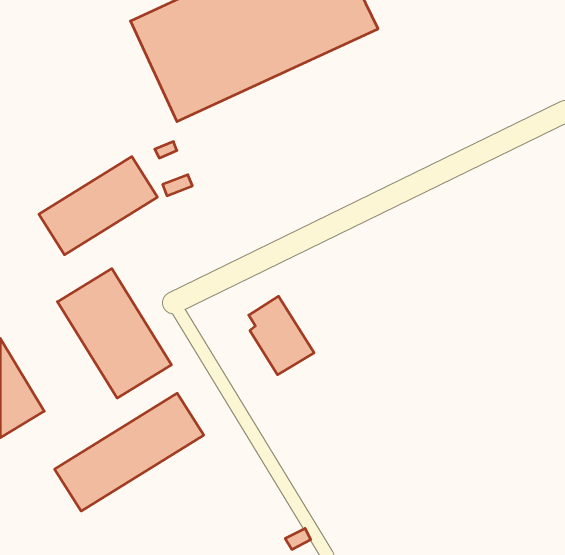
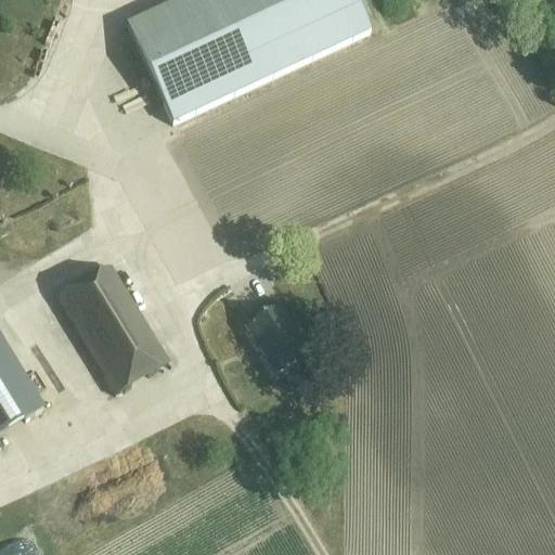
building: [39,157,157,255] -> none
building: [55,393,204,511] -> none

